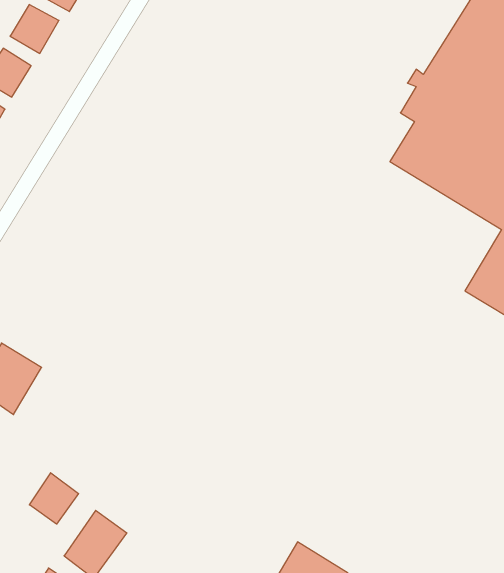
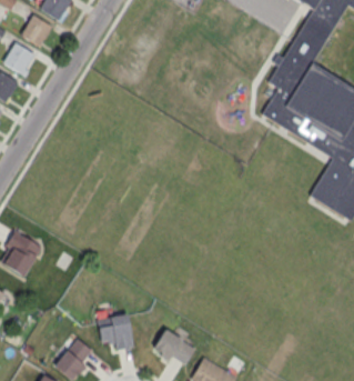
building: [29,473,79,524] -> none
building: none -> [98,314,134,350]
building: none -> [153,328,196,367]

